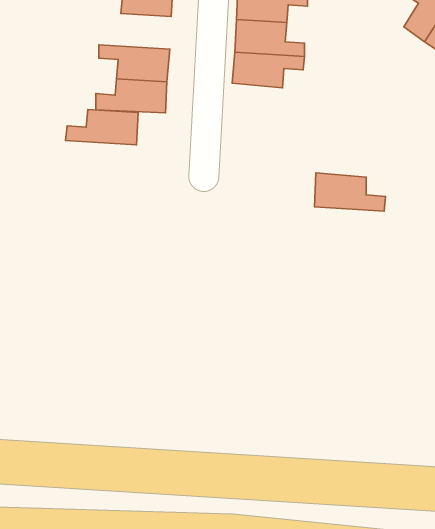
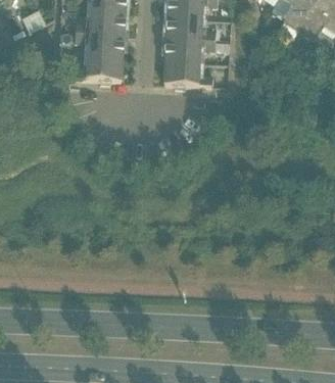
building: [66,109,138,145] -> [74,12,124,37]
building: [315,173,386,211] -> [164,60,213,87]

